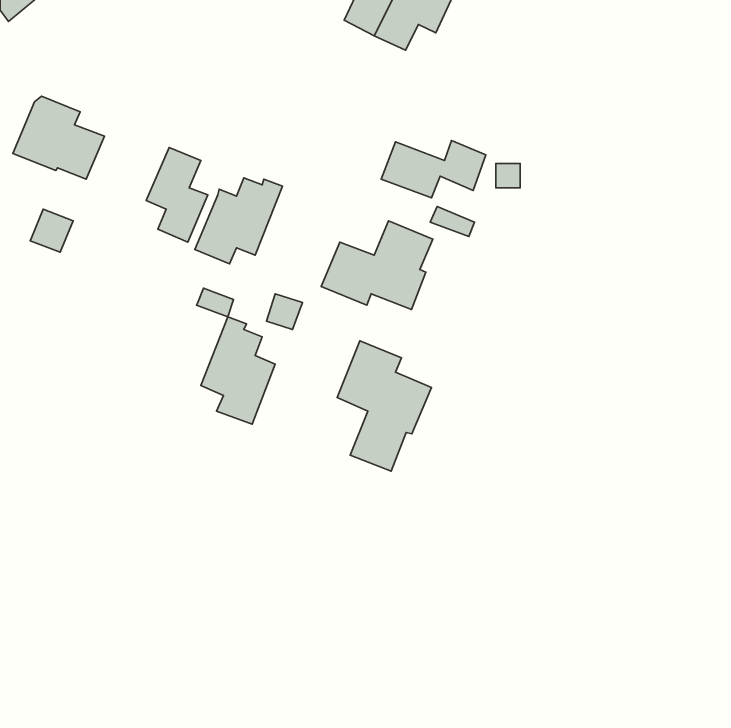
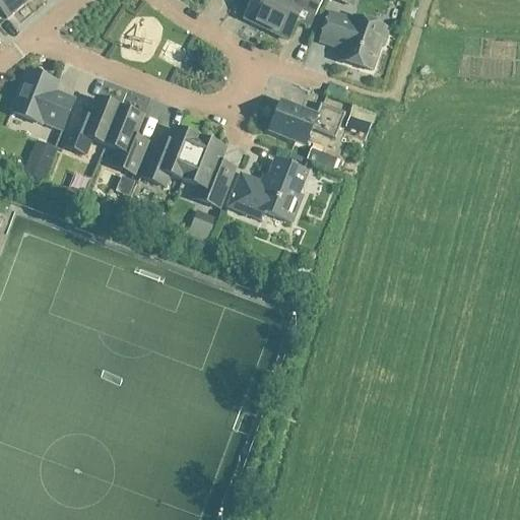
building: none -> [321,9,389,67]
building: none -> [64,94,121,152]
building: [201,317,275,424] -> [182,132,235,208]
building: [337,341,431,471] -> none

